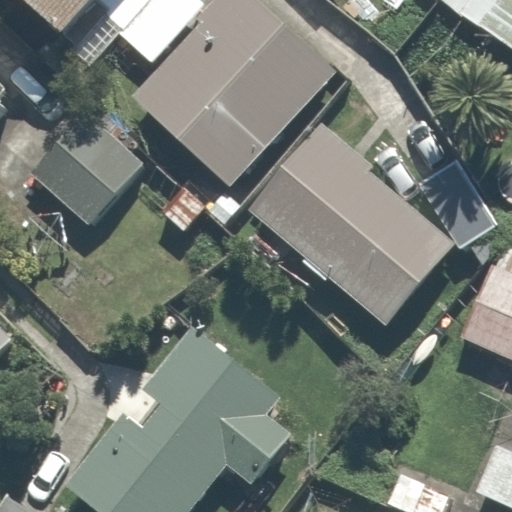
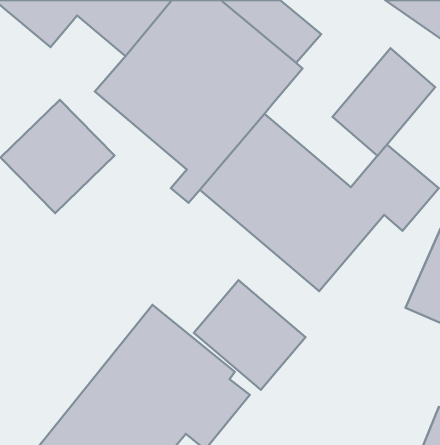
building: none -> [332,48,435,156]
building: none -> [194,280,305,390]

